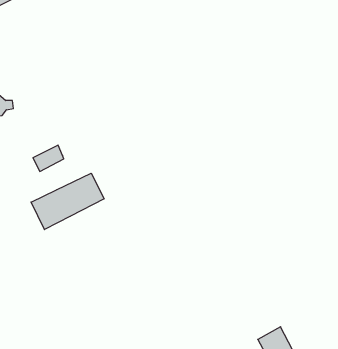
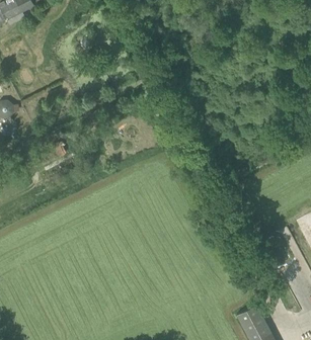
building: [31,173,104,230] -> none

